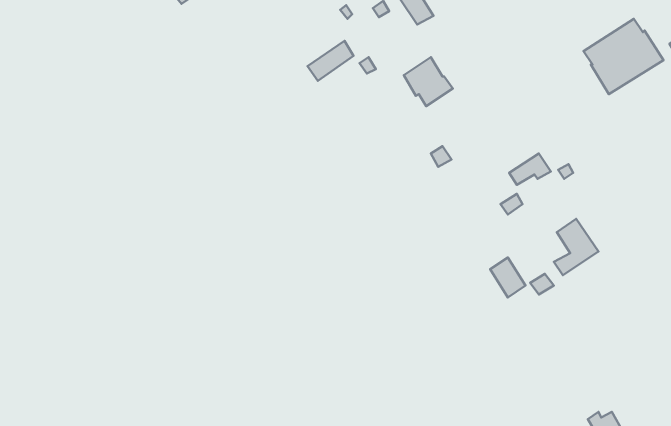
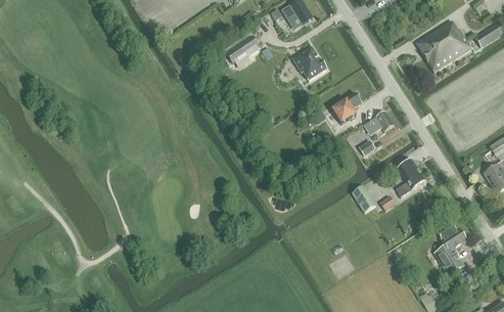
building: none -> [332,92,362,124]
building: none -> [436,222,467,274]

